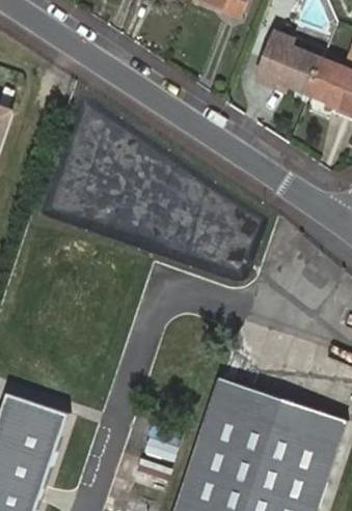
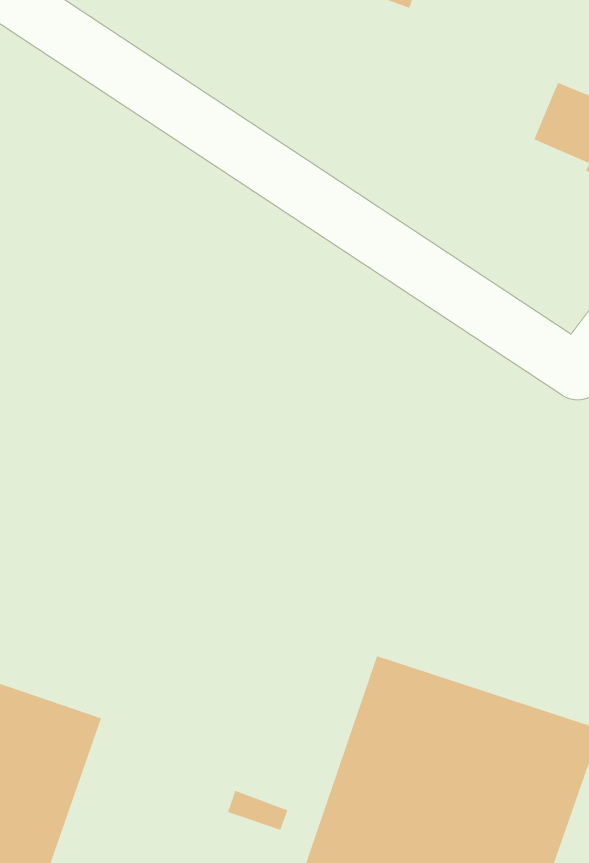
building: [258,19,320,91] -> none

